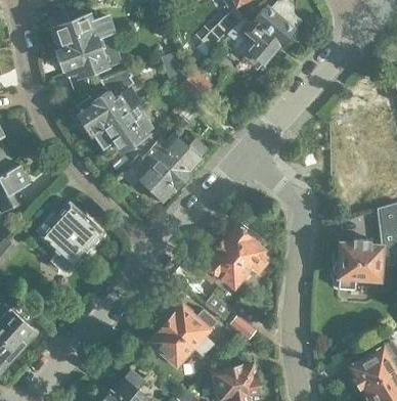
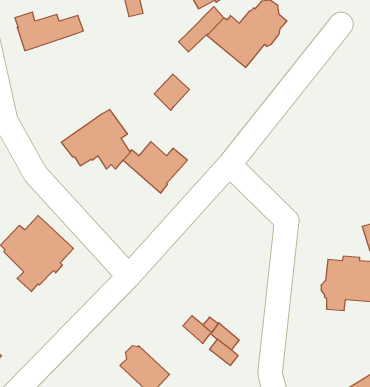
building: [56,34,109,76] -> none
building: [75,69,140,134] -> none
building: [121,150,184,202] -> none
building: [200,225,263,287] -> none
building: [164,304,214,356] -> none

